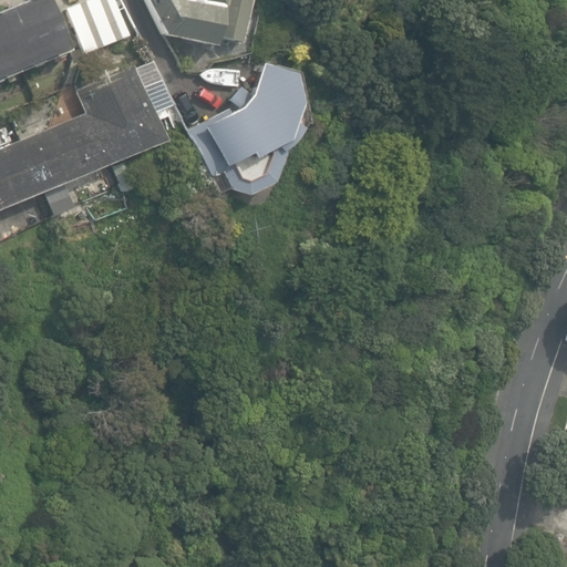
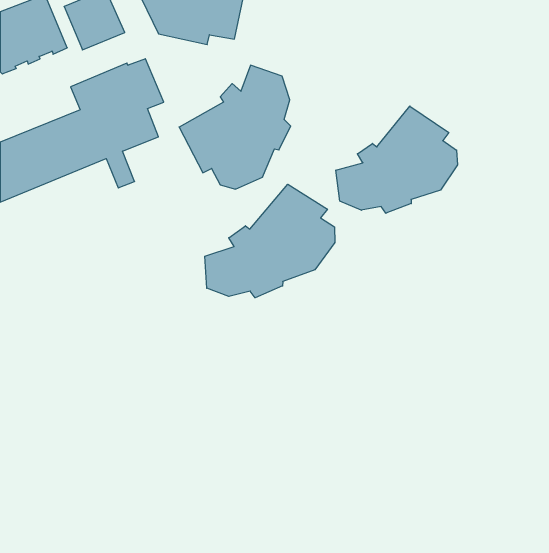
building: none -> [336,106,458,213]
building: none -> [205,184,335,298]

